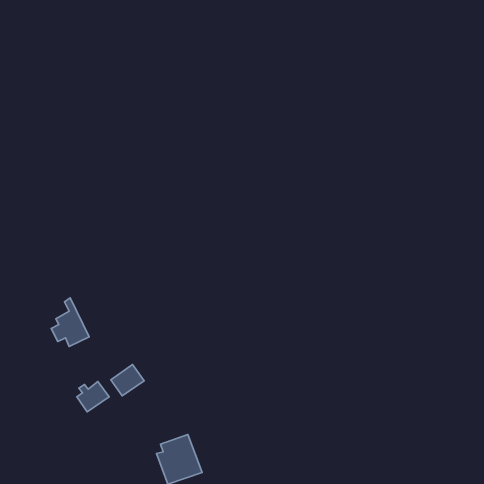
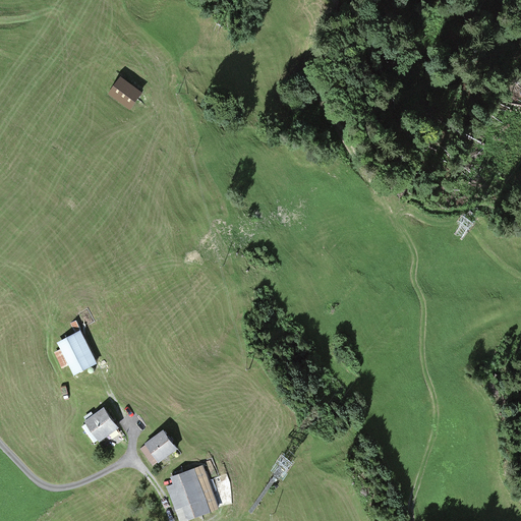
building: none -> [110,79,140,108]
building: [111,365,144,396] -> [140,430,176,464]

